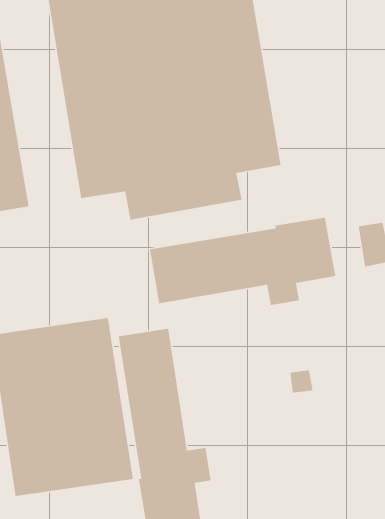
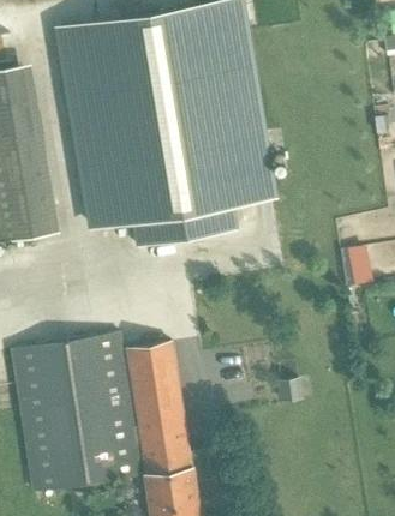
building: [149,217,336,306] -> none

